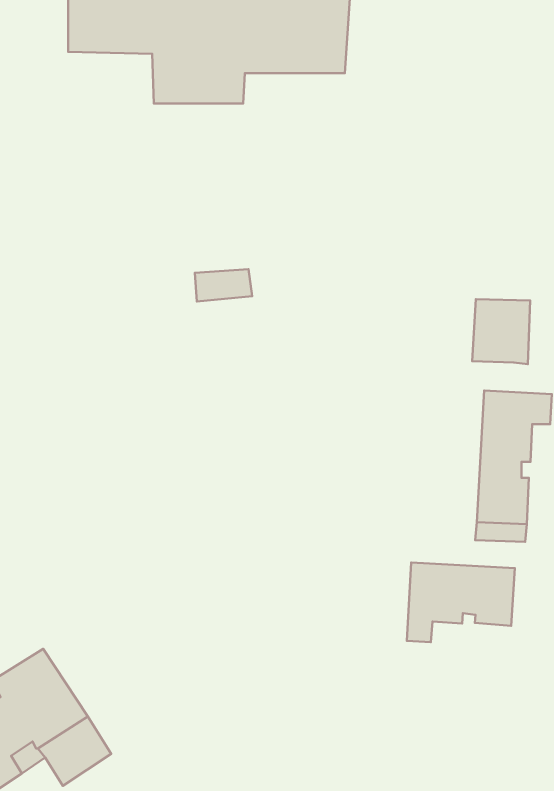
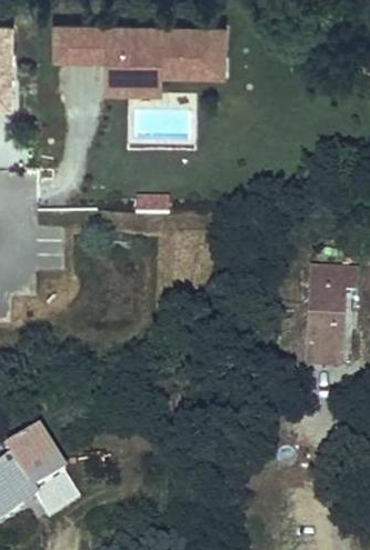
building: [472,299,530,364] -> none
building: [407,562,515,642] -> none

